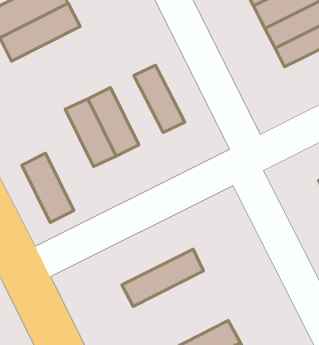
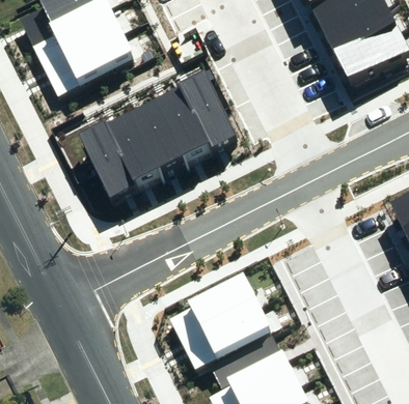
building: none -> [48,31,136,94]
building: none -> [157,85,215,162]
building: [22,153,74,223] -> [81,122,138,199]
building: none -> [182,300,273,366]

